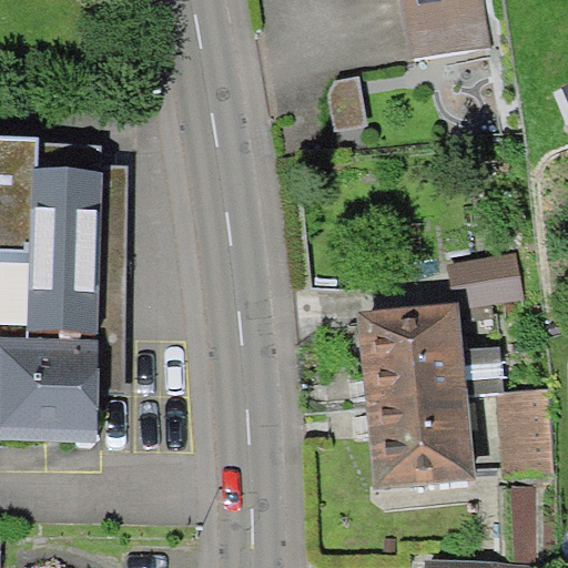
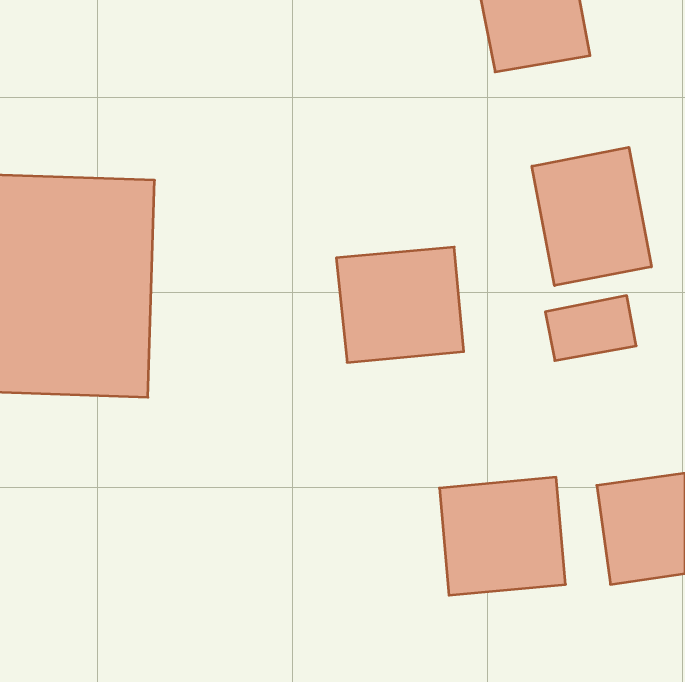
building: none -> [532,147,651,286]
building: [351,305,455,399] -> [336,247,464,362]
building: [4,345,103,444] -> none

